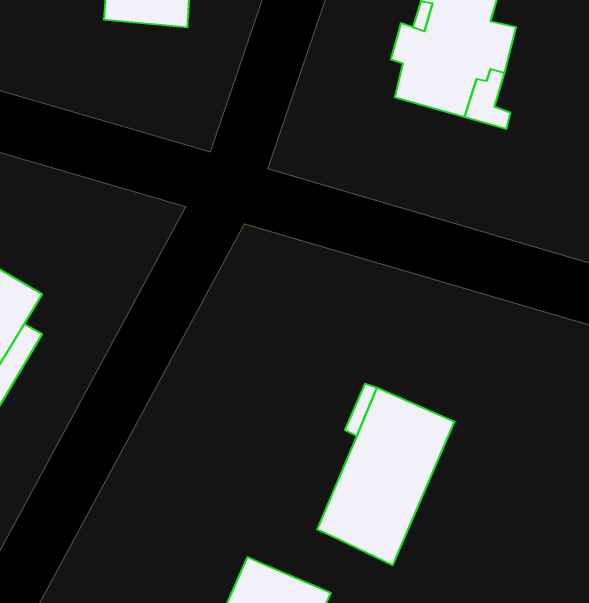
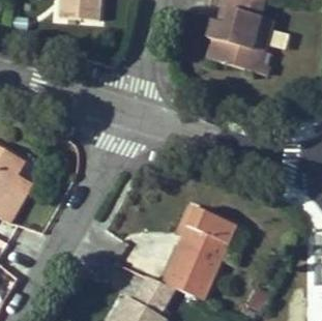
building: none -> [140,274,178,311]

